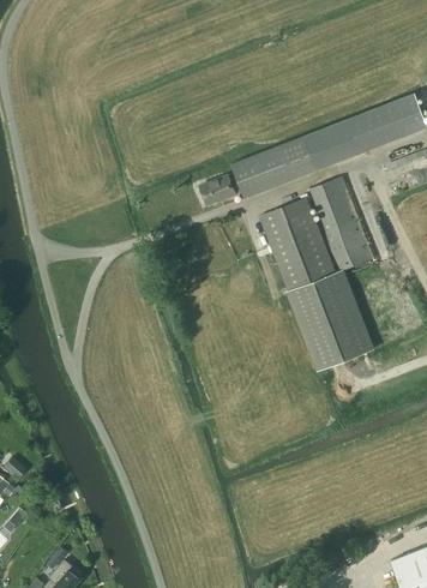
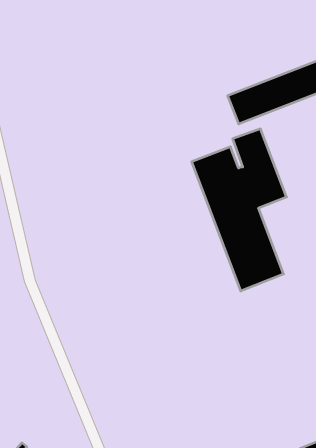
building: [200,137,317,205] -> none

